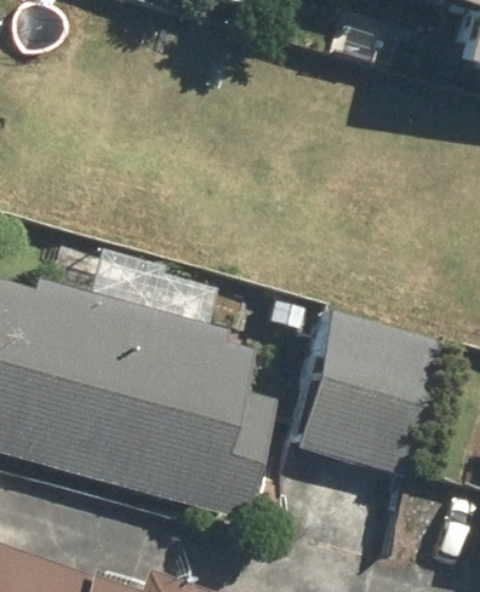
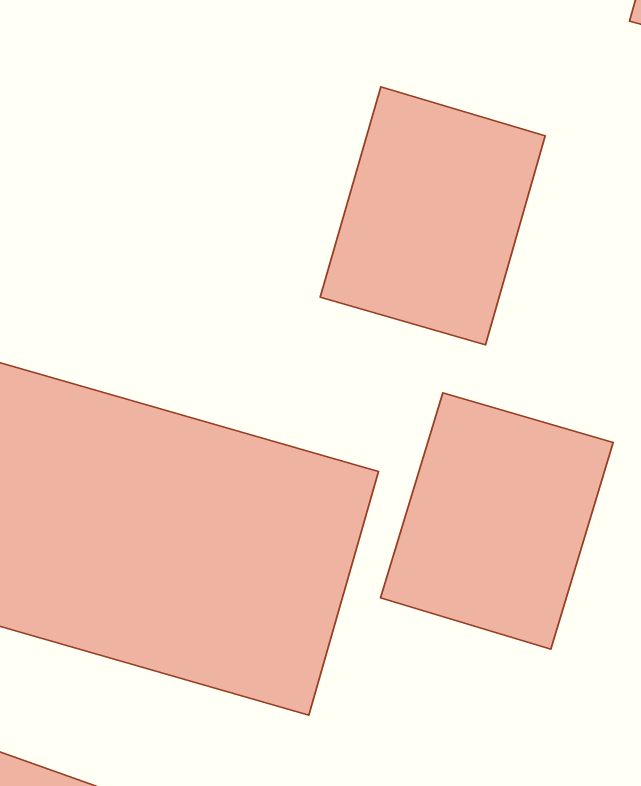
building: none -> [320,87,545,345]

